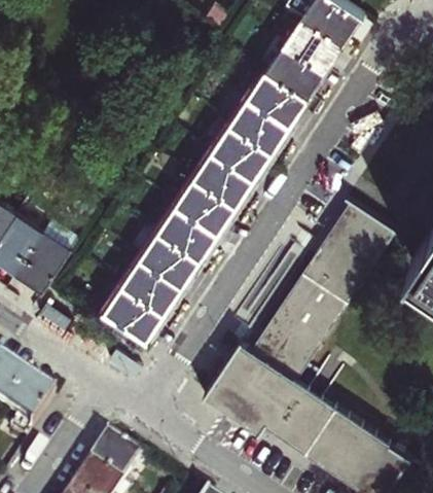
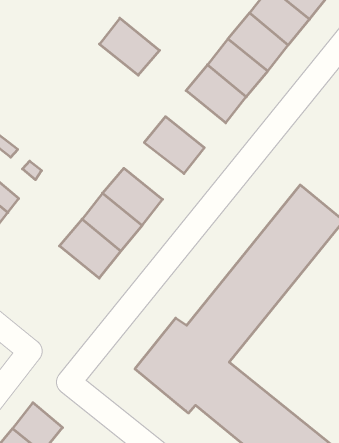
building: [214,121,273,175] -> [99,18,160,75]
building: [178,175,237,228] -> none
building: [104,282,164,337] -> none

